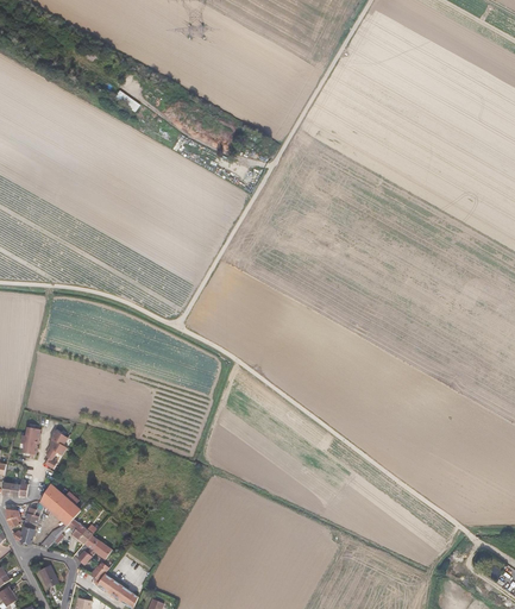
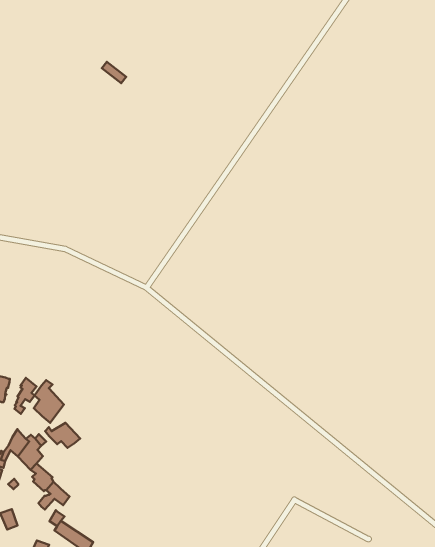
building: none -> [34,380,64,423]
building: none -> [45,423,80,448]

